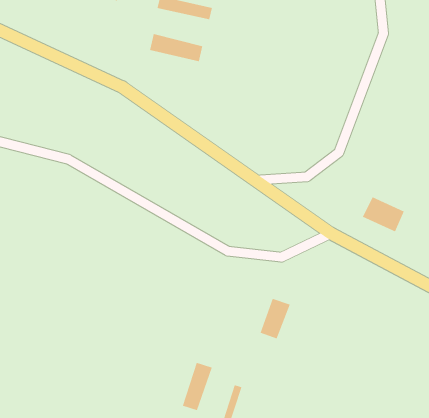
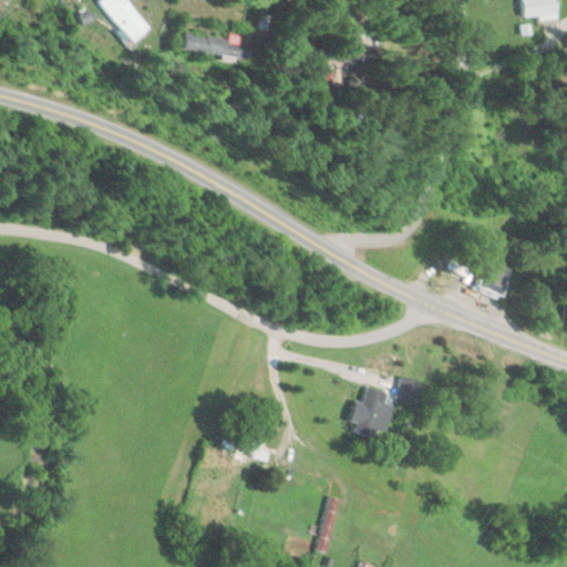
building: [149,33,203,62] -> none
building: [182,362,213,411] -> none

